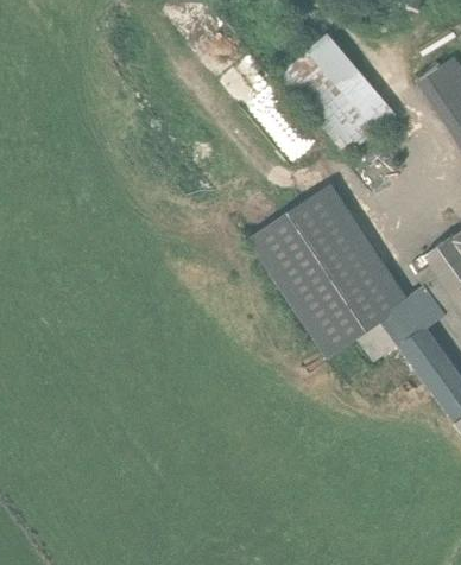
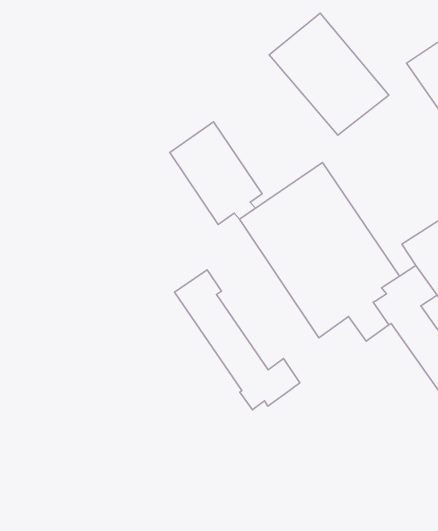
building: none -> [170,122,262,224]
building: none -> [175,270,300,410]

